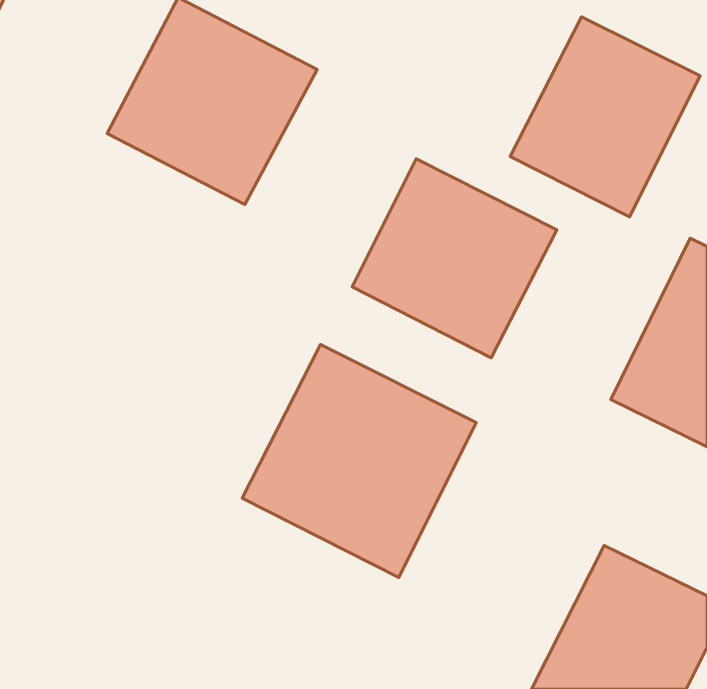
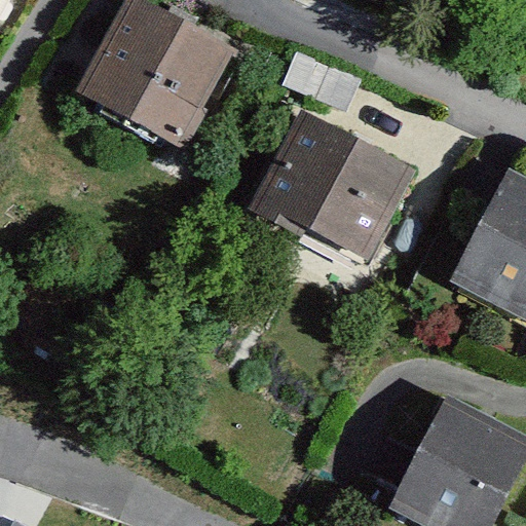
building: [510,17,700,217] -> none
building: [242,345,476,577] -> none

